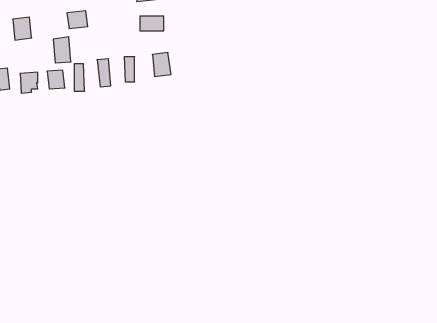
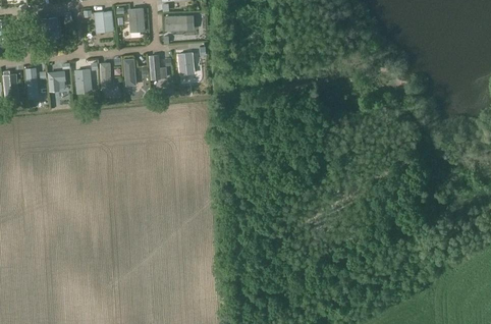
building: [53,37,71,63] -> [128,7,146,33]

